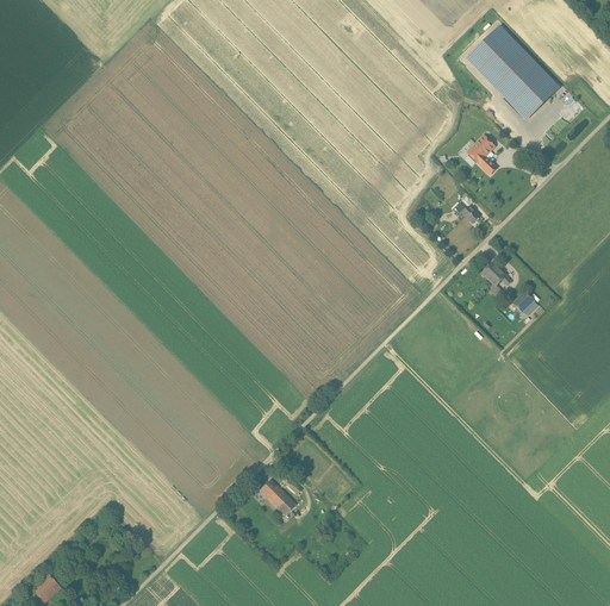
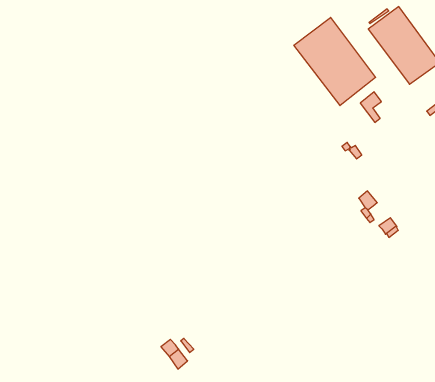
building: none -> [294,17,376,106]

